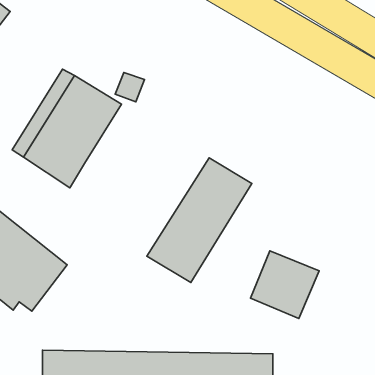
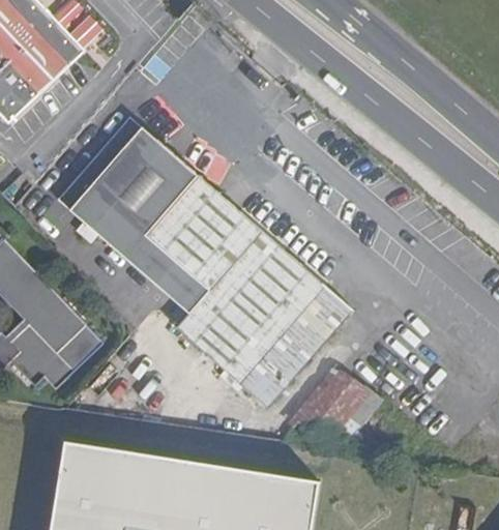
building: none -> [118,173,280,348]
building: none -> [237,285,356,413]

